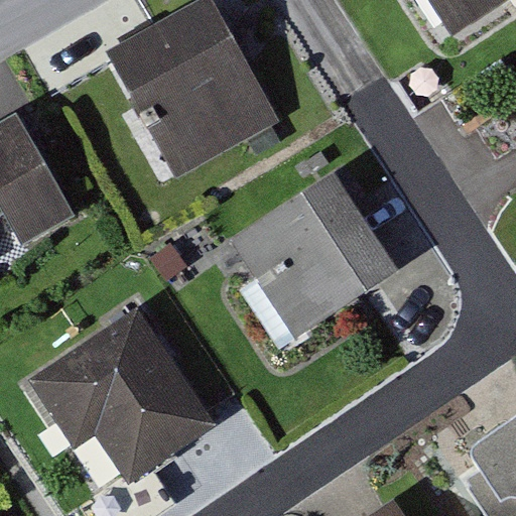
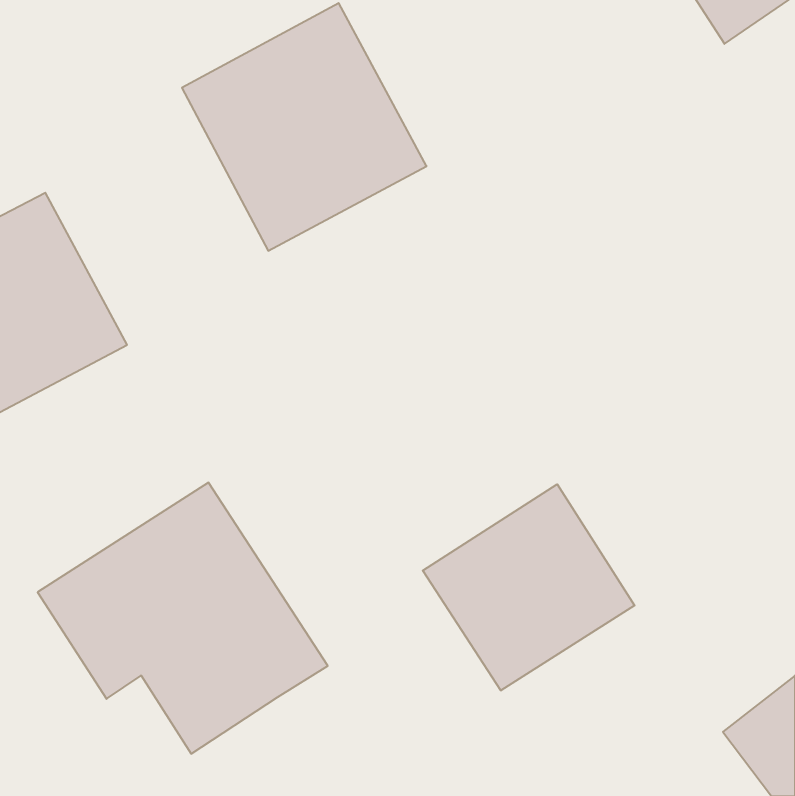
building: [232,178,391,335] -> none
building: none -> [423,484,635,691]

